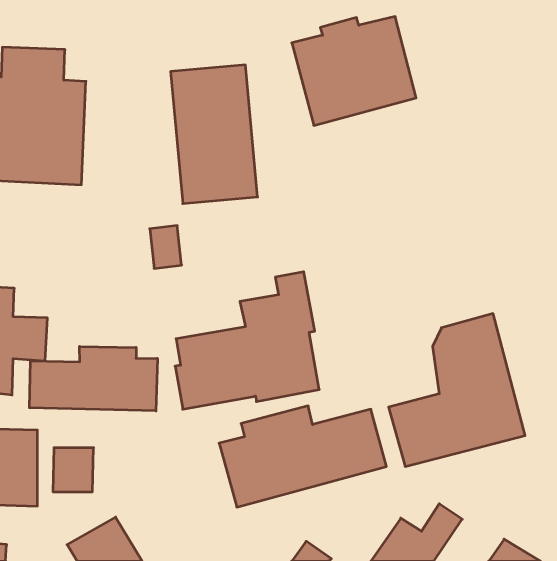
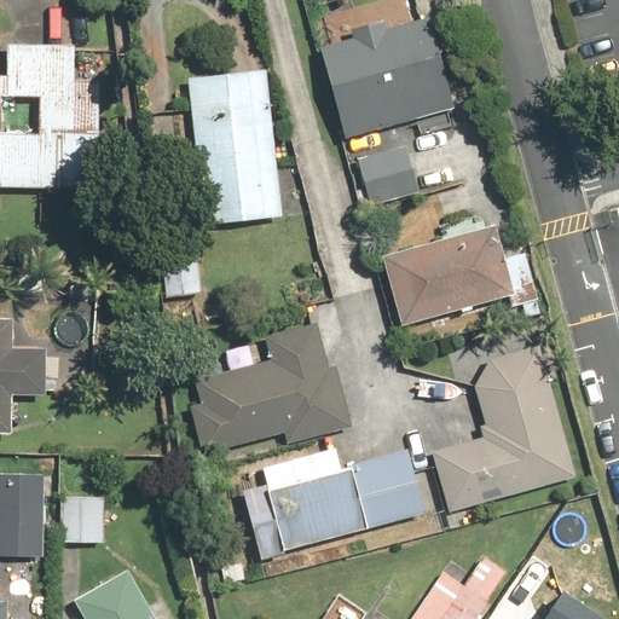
building: none -> [355,145,417,206]
building: none -> [383,218,537,328]
building: [29,346,157,411] -> none

